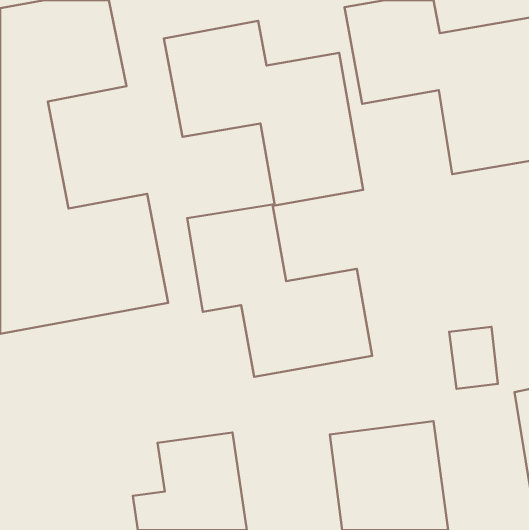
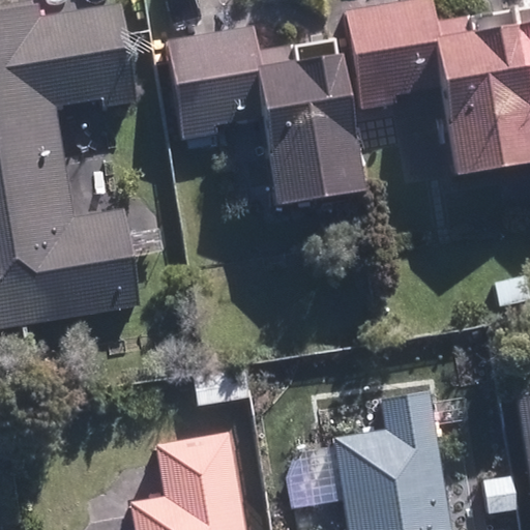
building: [187,204,372,377] -> none

